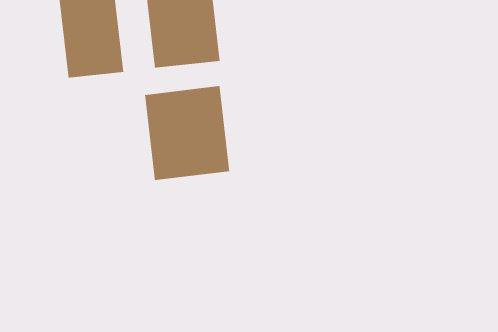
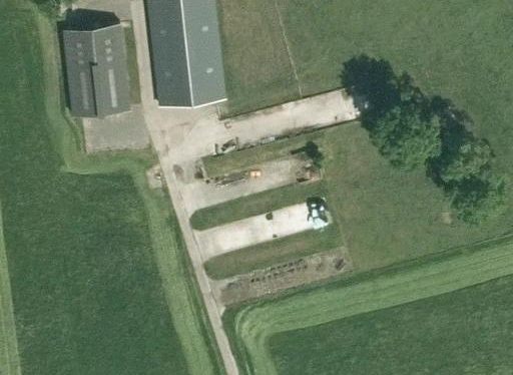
building: [145,85,230,181] -> none

